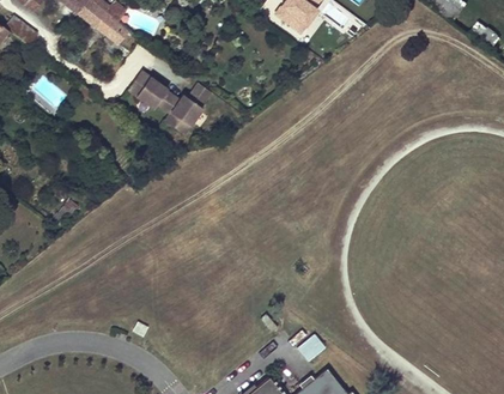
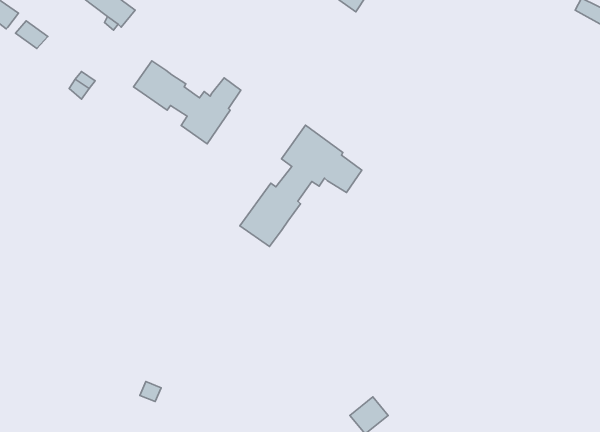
building: none -> [240,125,362,247]

